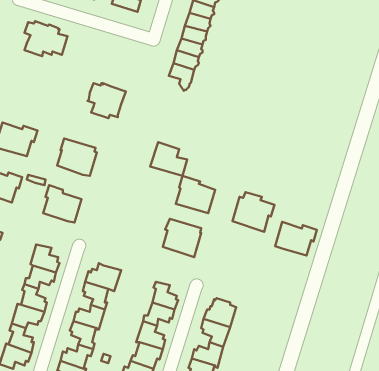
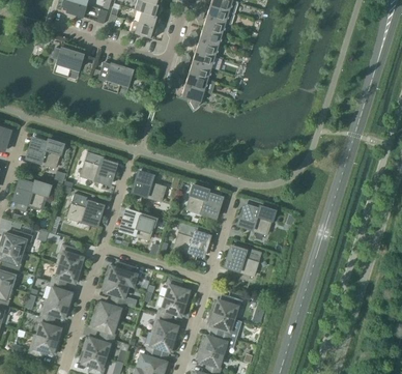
building: [88,83,126,118] -> [98,62,133,93]
building: [150,142,187,176] -> [131,170,164,200]
building: none -> [119,209,156,238]
building: [275,222,317,255] -> [224,244,261,275]

